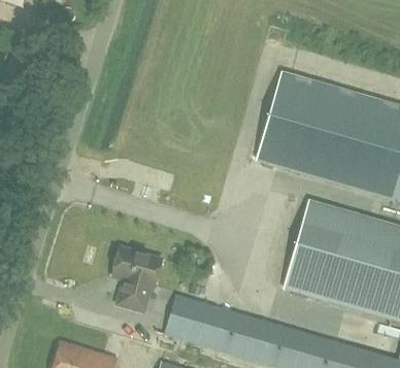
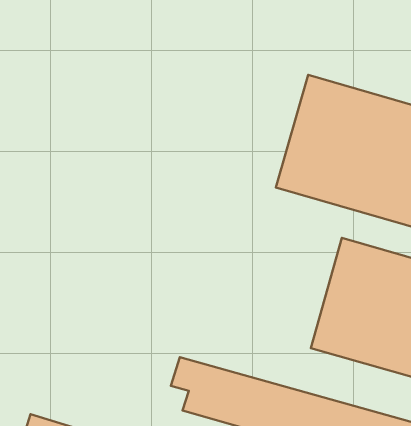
building: [112,247,162,310] -> none

